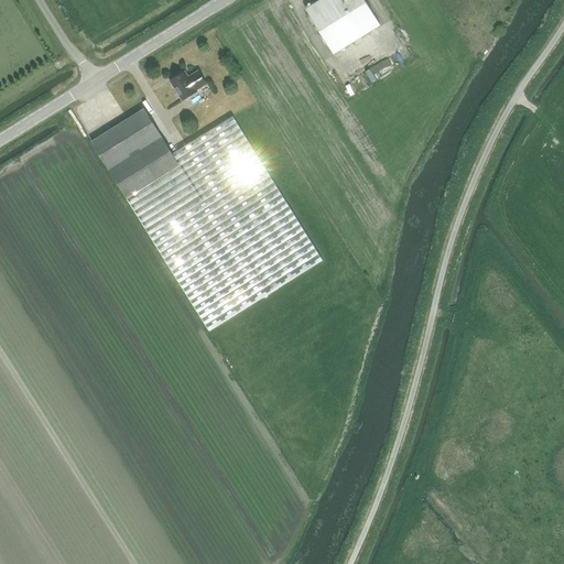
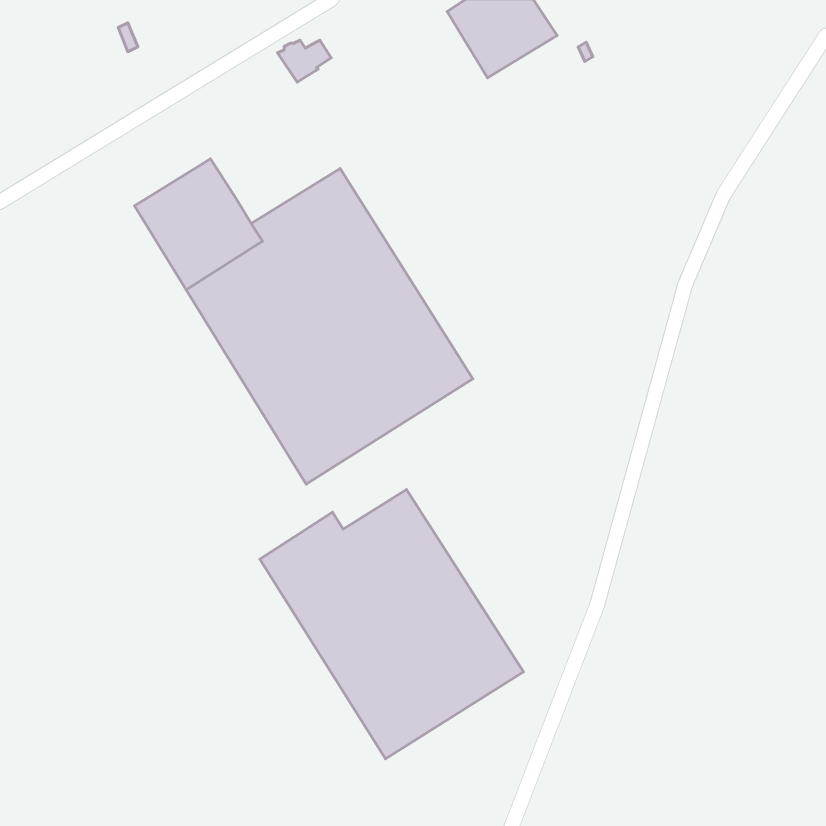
building: [169,70,205,99] -> [278,40,331,82]
building: none -> [260,490,524,759]

